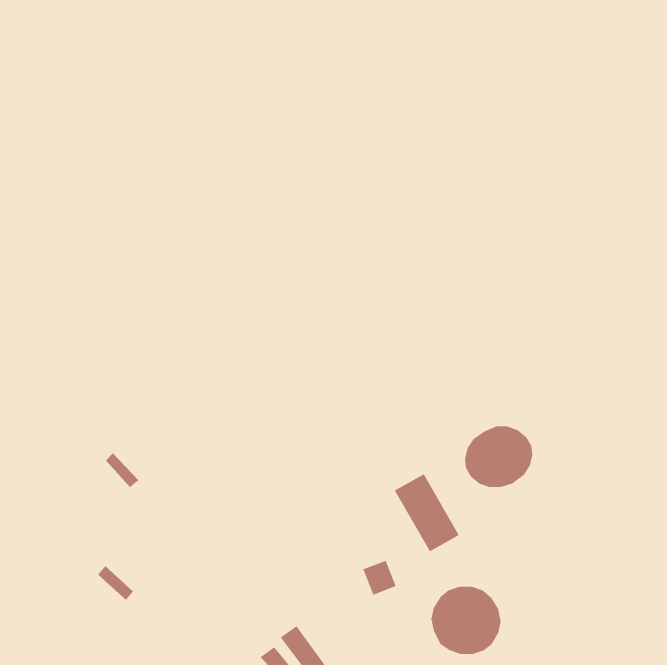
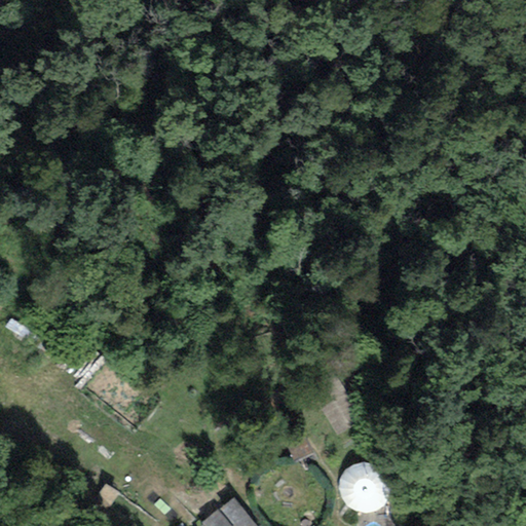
building: [465,425,533,488] -> none

